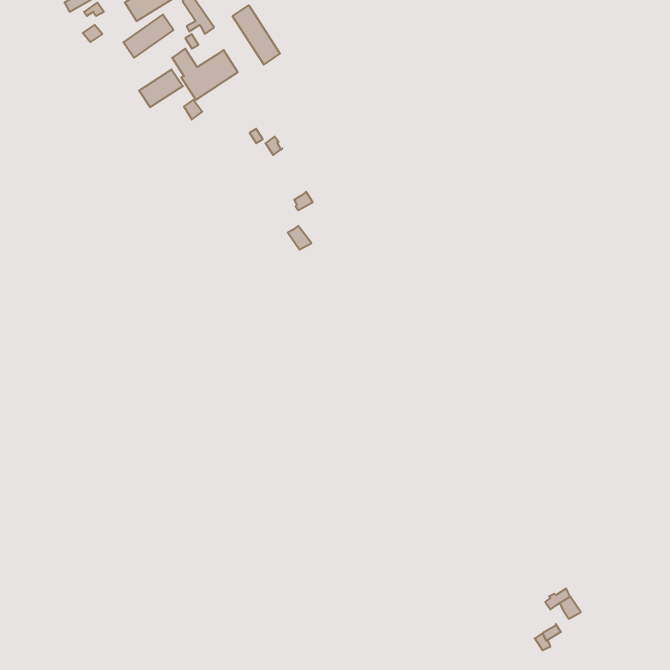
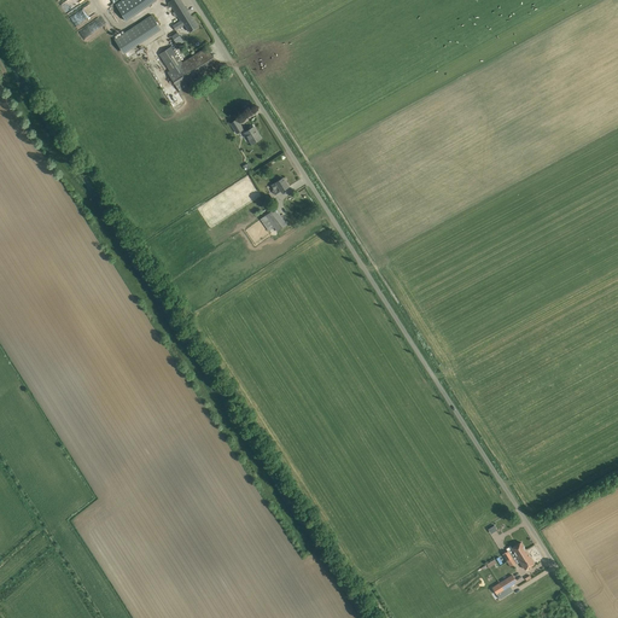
building: [233,5,280,65] -> none
building: [139,69,183,107] -> none

